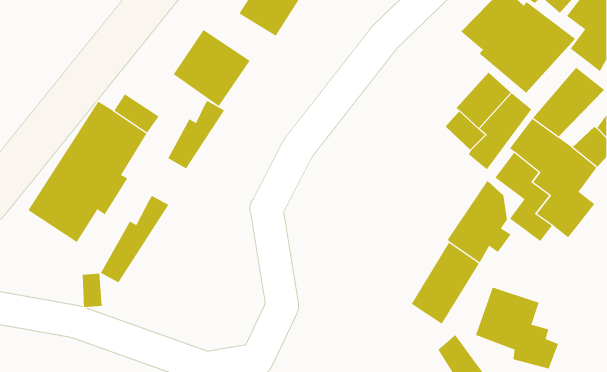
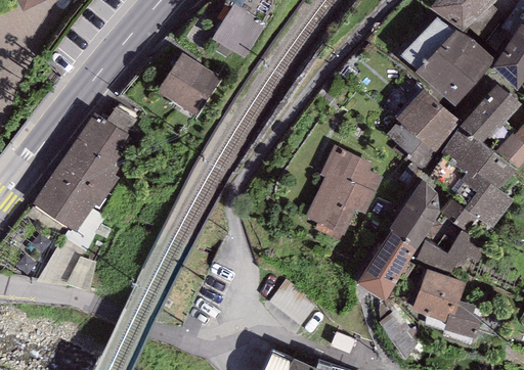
building: [167,100,225,169] -> none
building: none -> [305,144,384,239]
building: [100,195,169,283] -> none
building: none -> [416,229,486,271]

